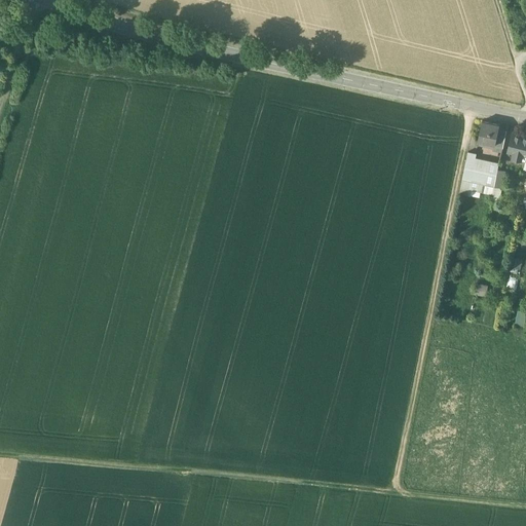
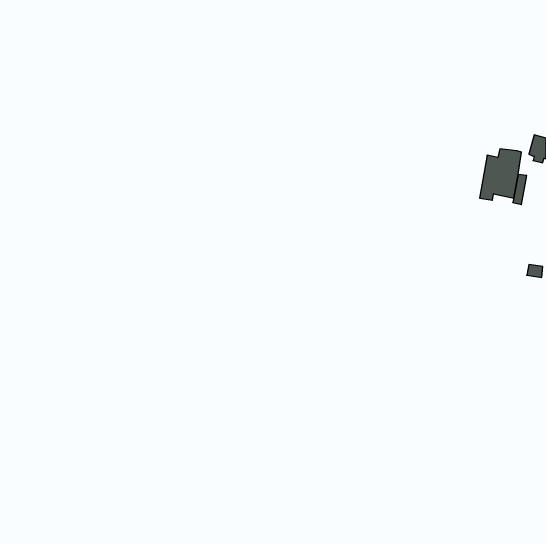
building: [480,119,500,145] -> none

